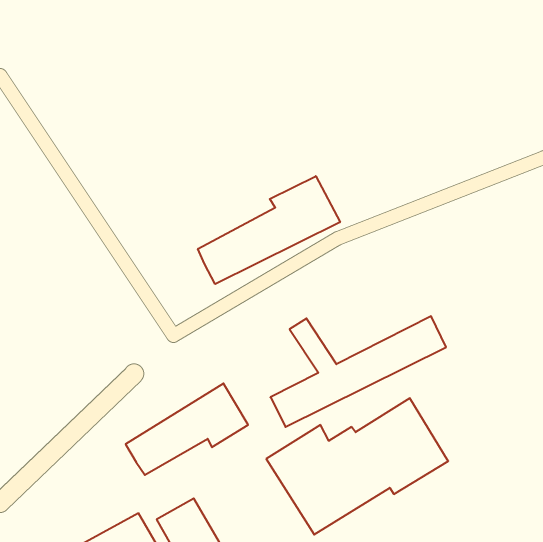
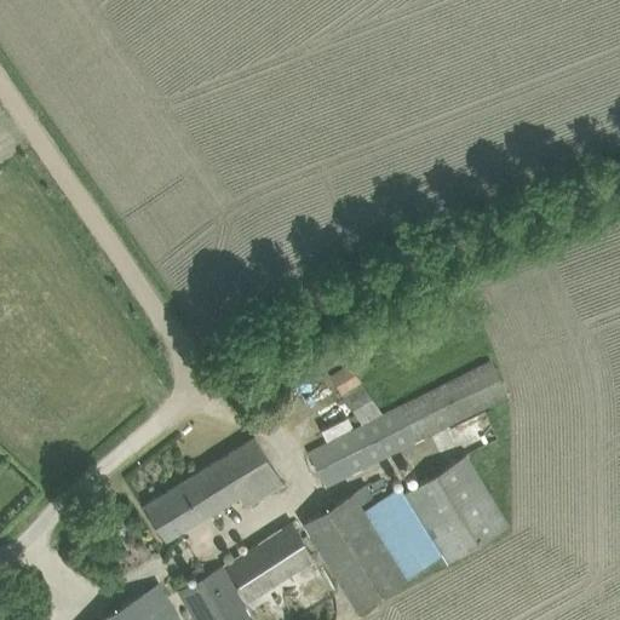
building: [198,176,340,284] -> none
building: none -> [224,523,316,604]

